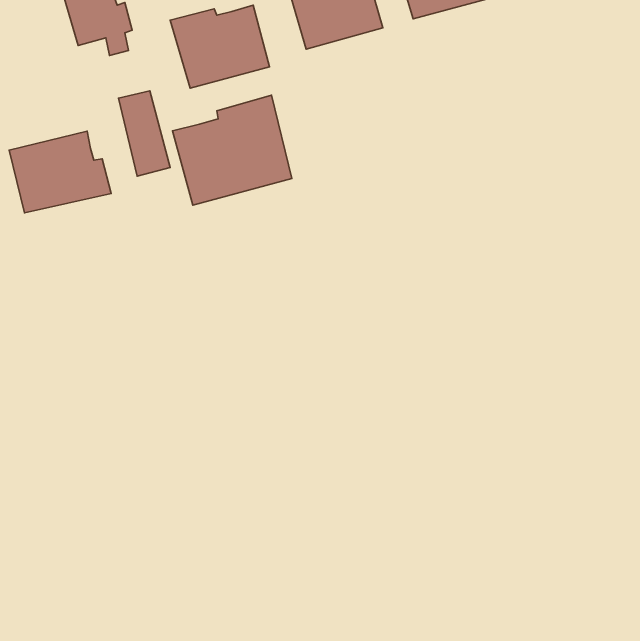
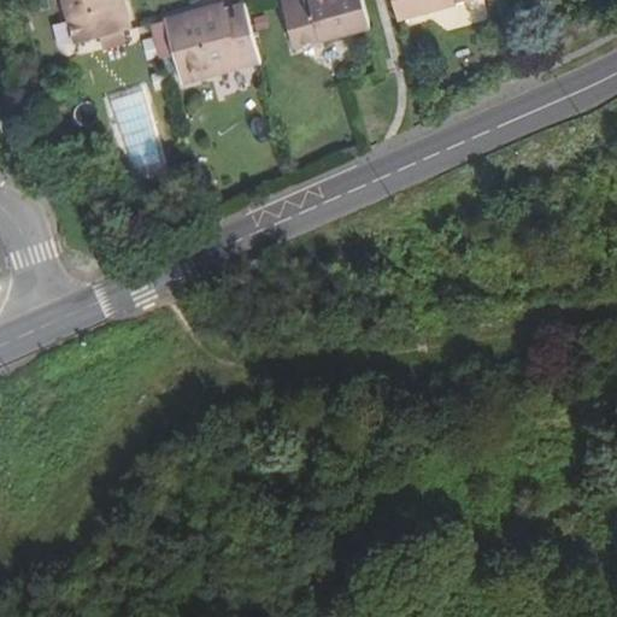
building: [172,95,292,205] -> none
building: [9,131,111,213] -> none

